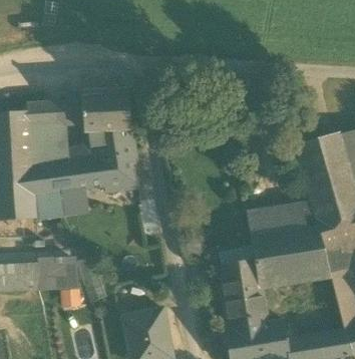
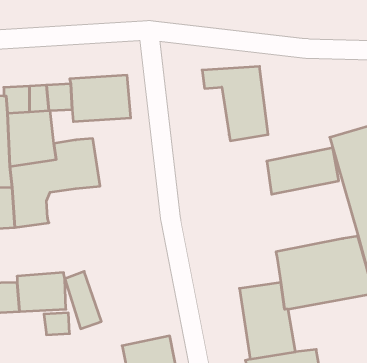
building: [85,129,139,191] -> [202,66,268,141]
building: [63,188,89,212] -> none
building: [248,202,307,240] -> [267,148,339,194]
building: [220,245,256,270] -> none

